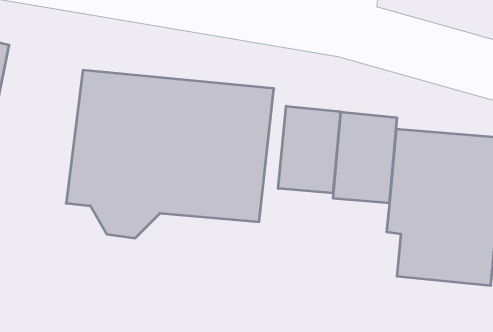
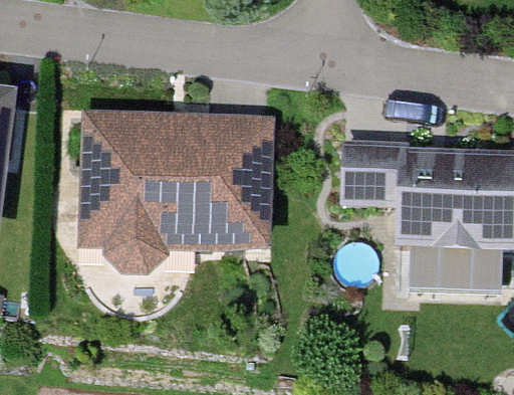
building: [278,106,341,193] -> none

